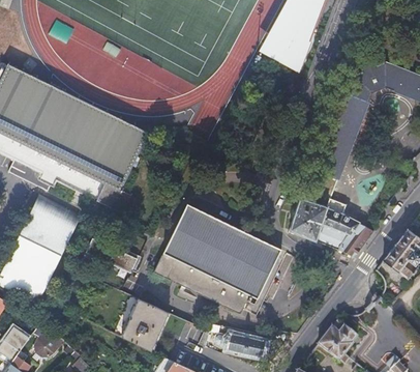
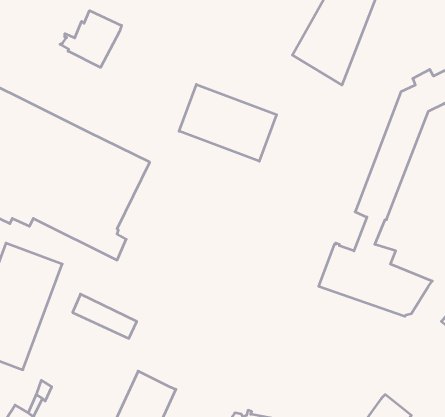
building: none -> [60,11,122,67]
building: none -> [179,84,277,161]
building: [152,204,284,315] -> none

